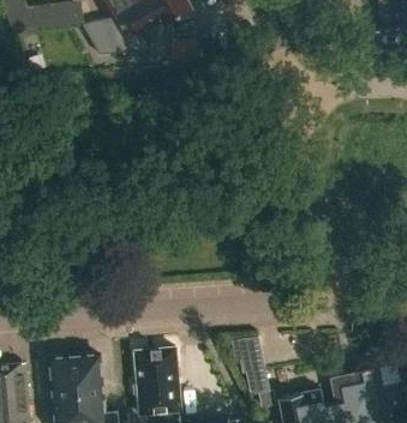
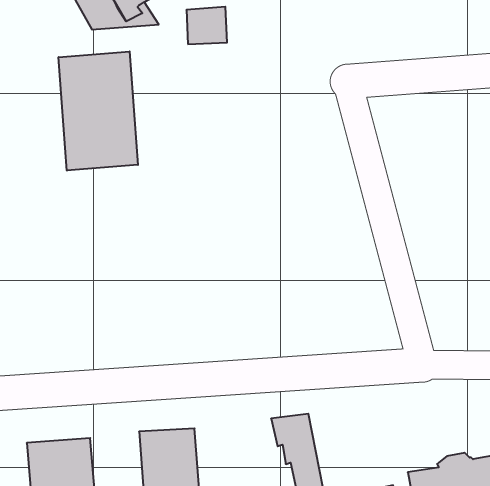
building: none -> [59,51,138,171]

